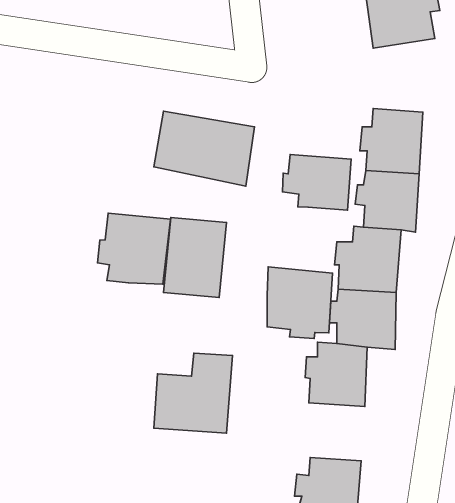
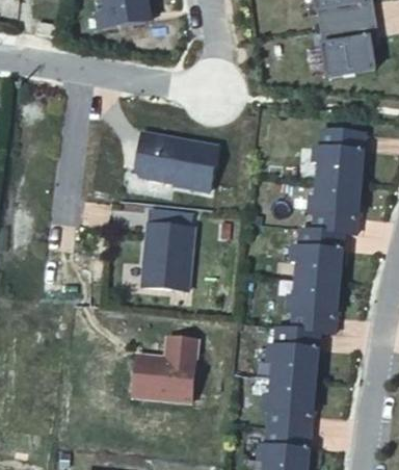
building: [282,154,351,210] -> none
building: [97,213,171,284] -> none
building: [267,267,333,339] -> none
building: none -> [256,380,314,429]

